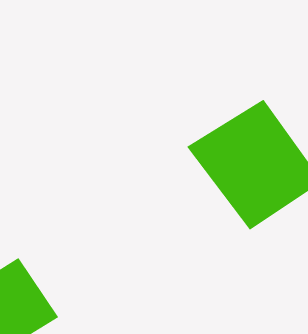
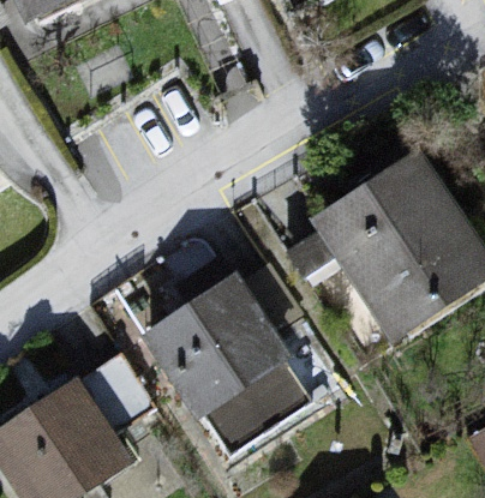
building: none -> [137,276,301,449]

